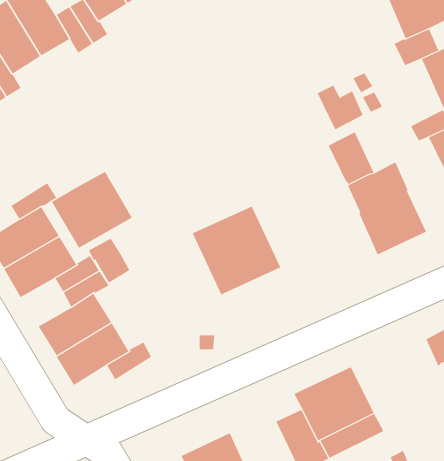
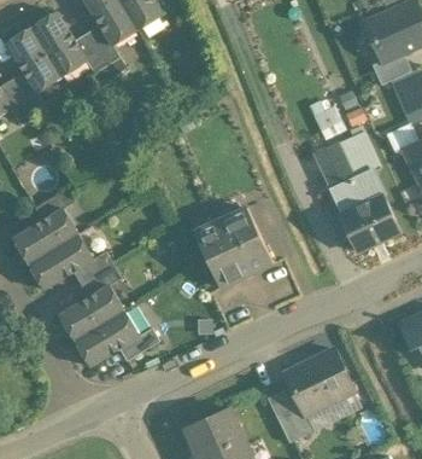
building: none -> [336,130,380,179]
building: [51,171,133,249] -> none
building: [88,238,130,284] -> none

